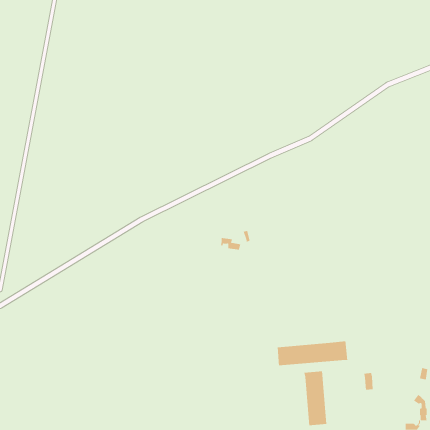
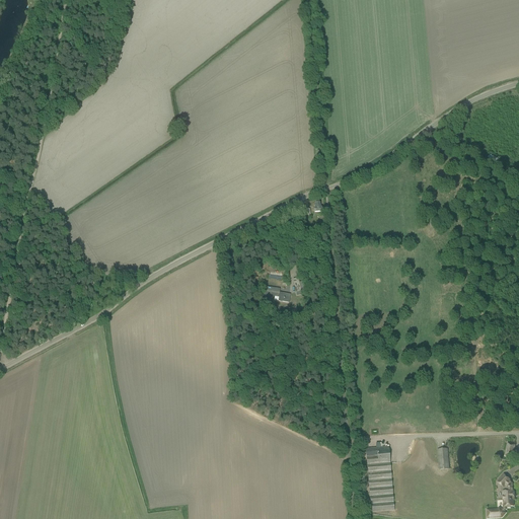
building: [277,340,348,366] -> none

